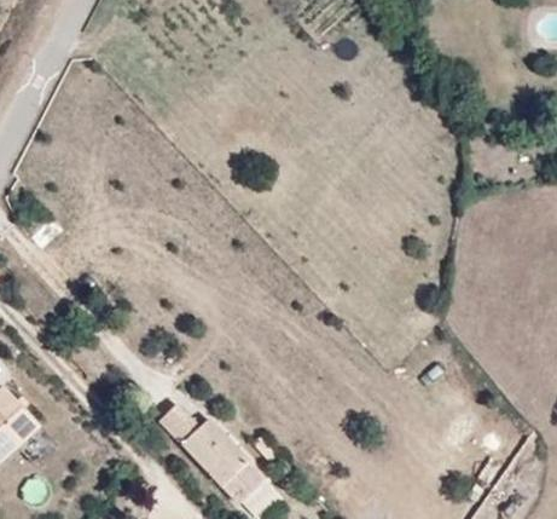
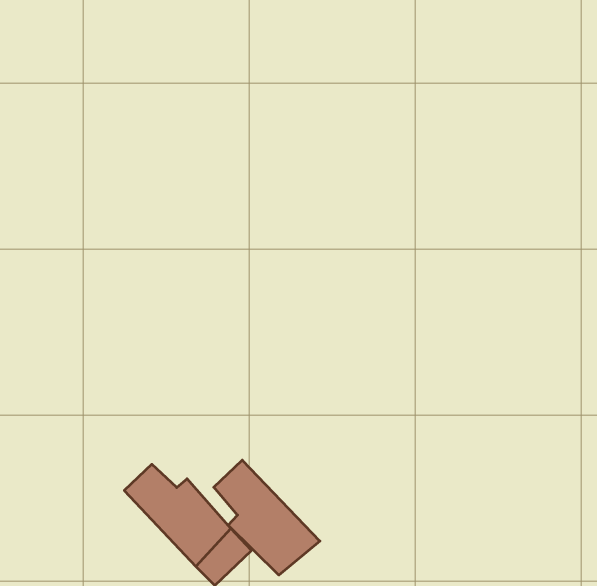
building: none -> [214,460,320,575]

